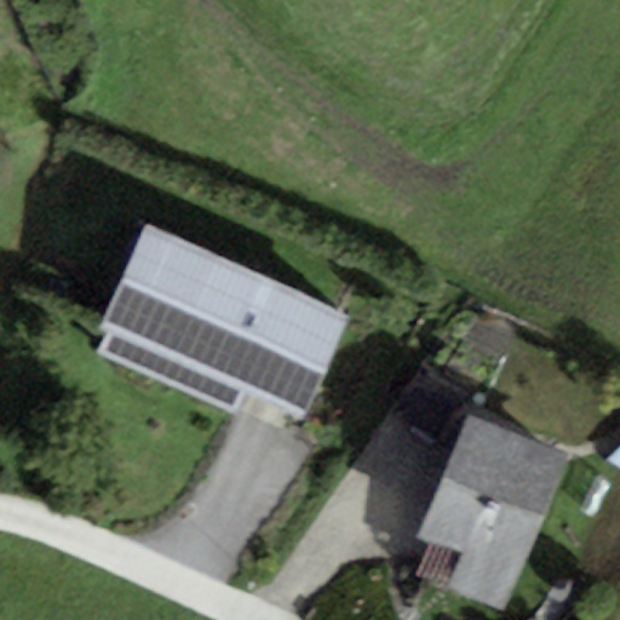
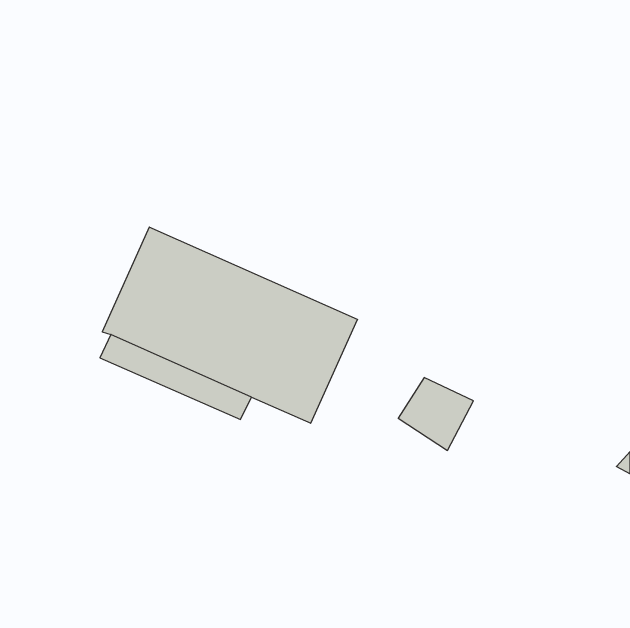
building: [417,409,568,610] -> none

